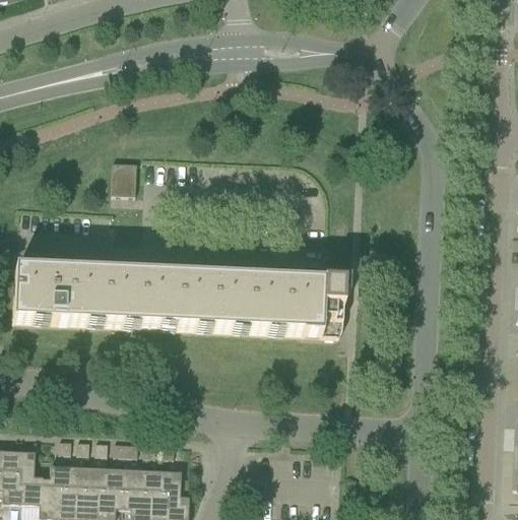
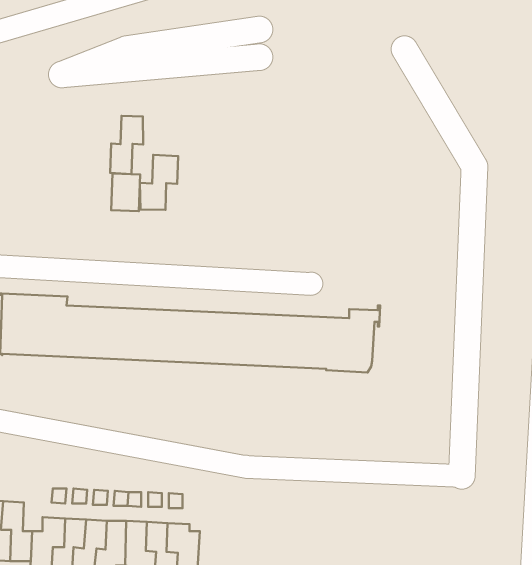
building: none -> [110,116,143,174]
building: none -> [140,155,178,210]

